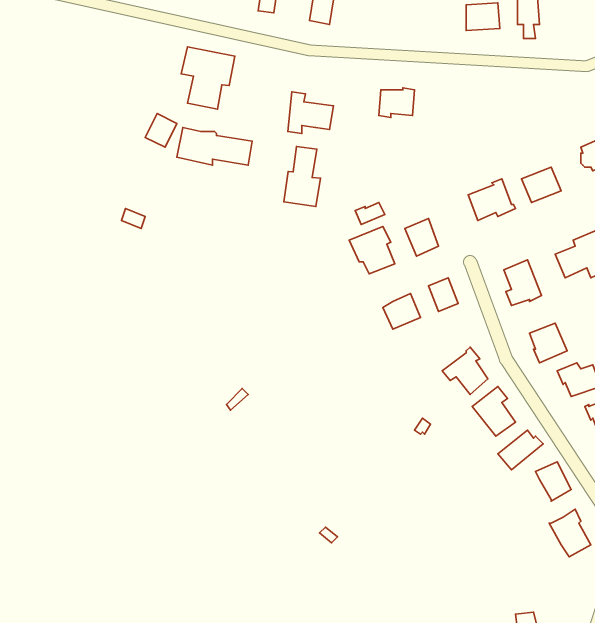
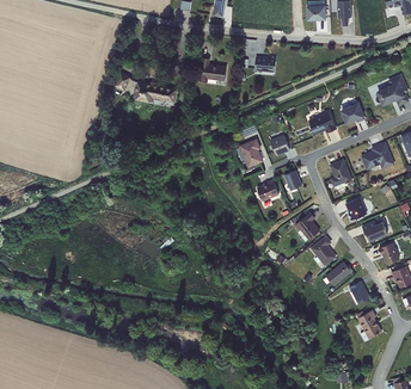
building: [181,47,235,109] -> none
building: [284,147,321,206] -> none

